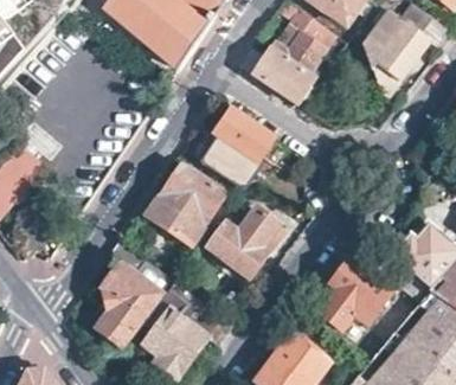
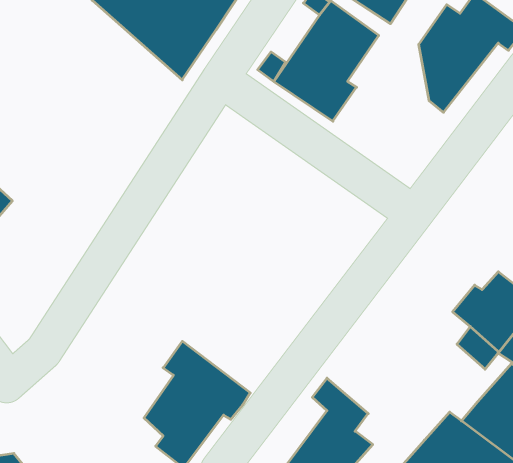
building: [204,108,274,186] -> none
building: [155,167,224,245] -> none
building: [210,204,278,277] -> none
building: [98,238,173,345] -> none
building: [320,258,390,328] -> none

